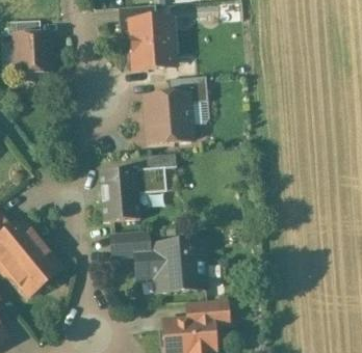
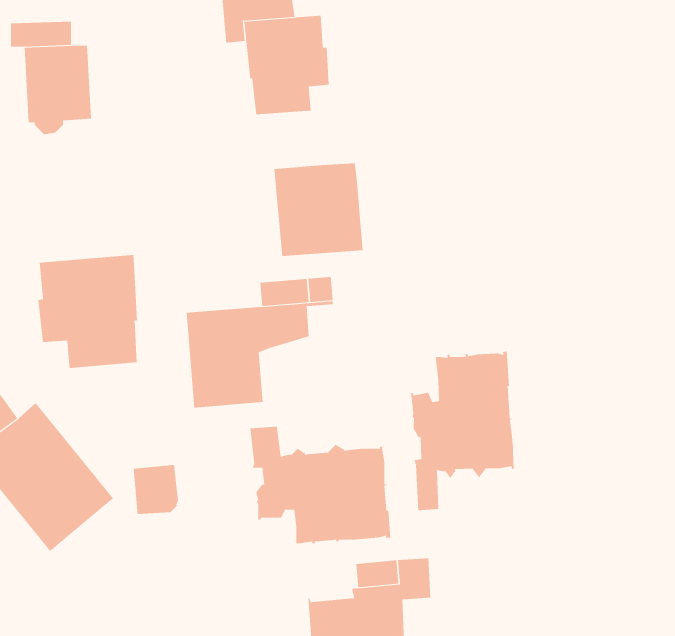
building: [167,76,207,102] -> none
building: none -> [38,254,138,369]
building: none -> [410,351,514,511]
building: [110,232,134,257] -> [133,464,179,514]

